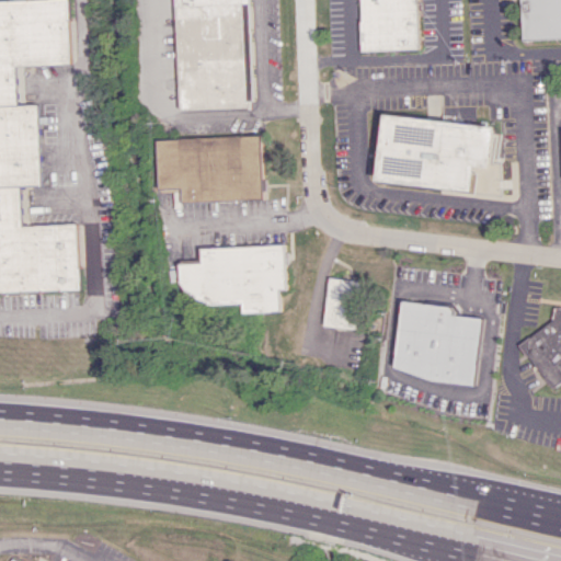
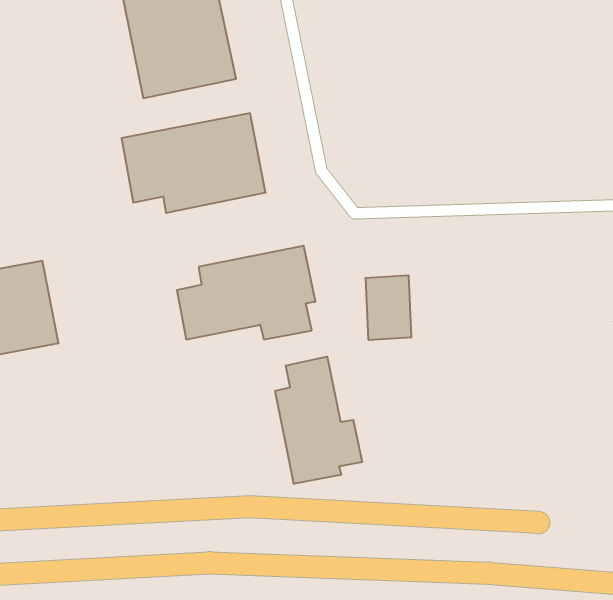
building: [376,115,497,194] -> none
building: [394,301,481,383] -> none
building: none -> [275,357,362,484]

